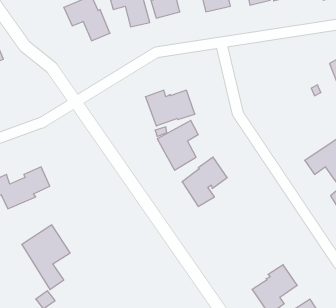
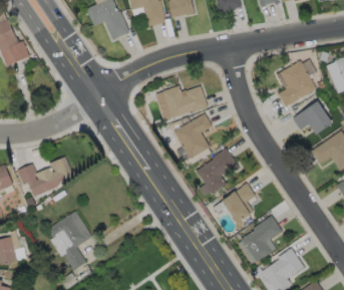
building: none -> [278,60,316,106]
building: none -> [292,100,332,134]
building: none -> [213,183,255,223]
building: none -> [241,215,282,262]

